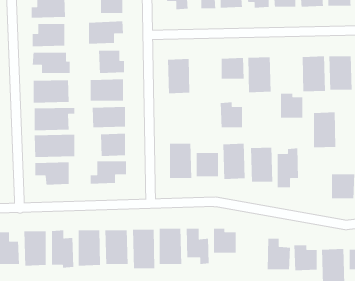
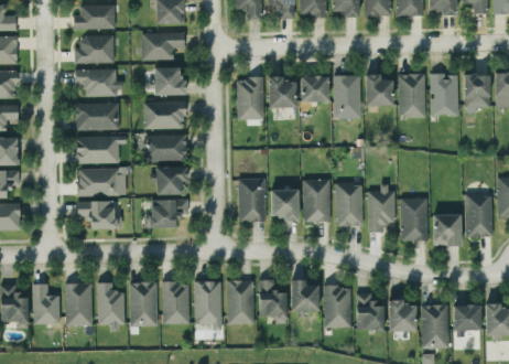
building: [280,93,303,119] -> [365,75,392,106]
building: [220,102,243,128] -> [268,76,295,108]
building: [313,111,336,148] -> [400,197,427,242]
building: none -> [323,286,350,328]

